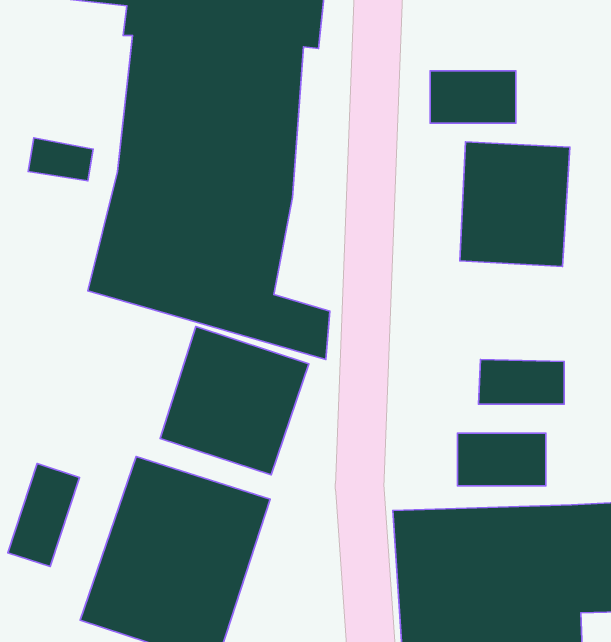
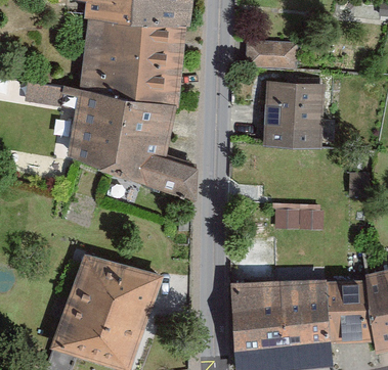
building: [160,327,309,475] -> none
building: [457,433,546,486] -> none
building: [8,463,80,567] -> none

